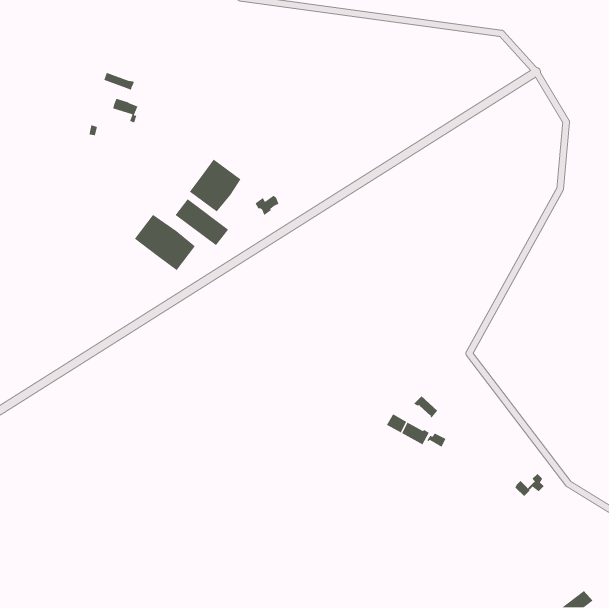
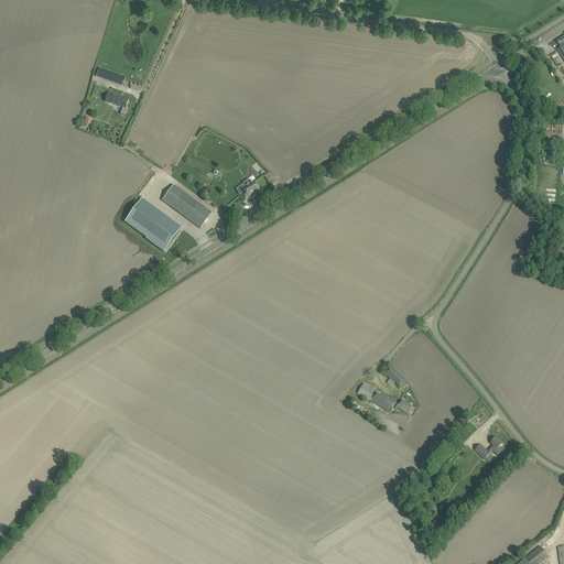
building: [189,159,242,213] -> none

